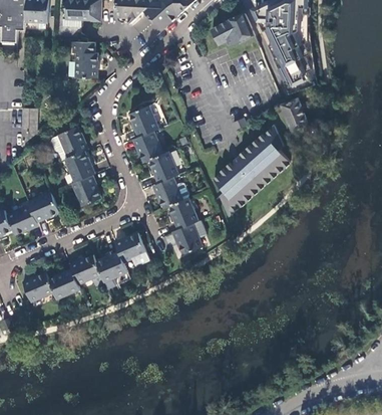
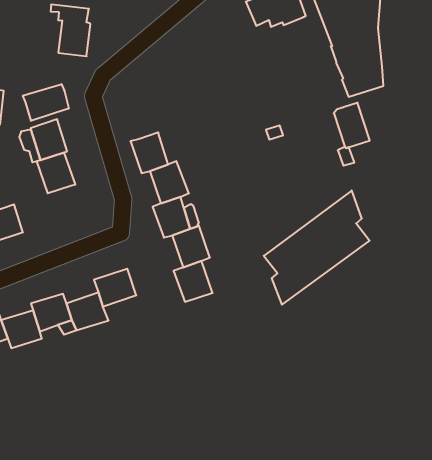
building: none -> [23,84,69,121]
building: [129,106,159,137] -> none
building: [213,127,290,215] -> [264,190,370,305]
building: [73,175,101,206] -> none

